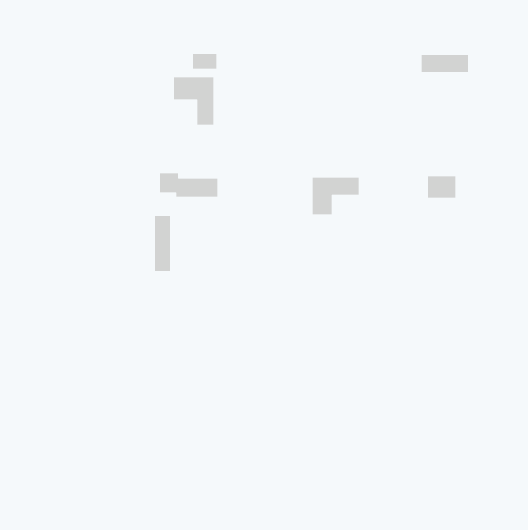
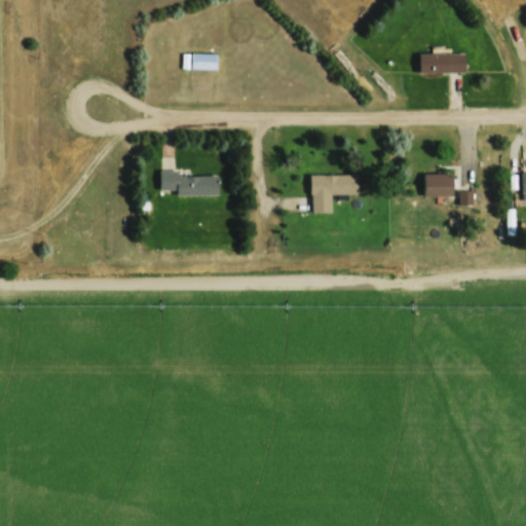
building: [173,76,214,125] -> none
building: [154,215,171,272] -> none

